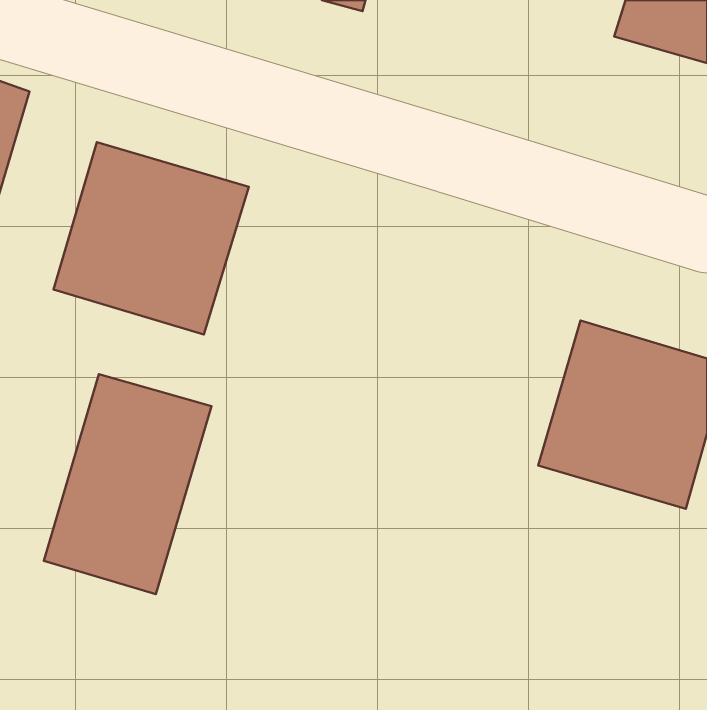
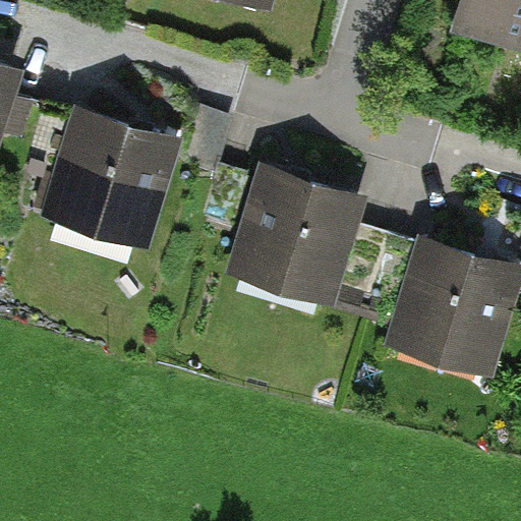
building: none -> [225,169,364,303]
building: [44,374,212,594] -> none

